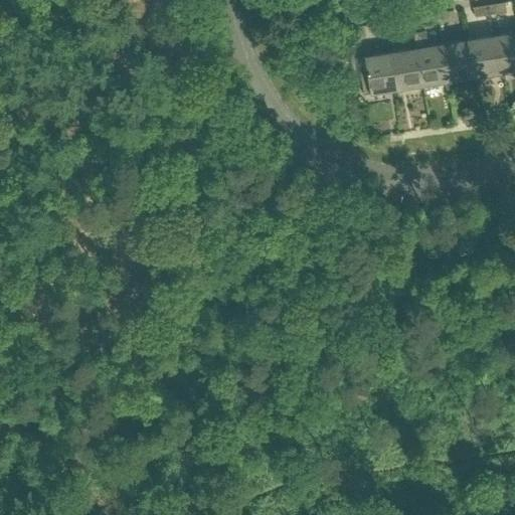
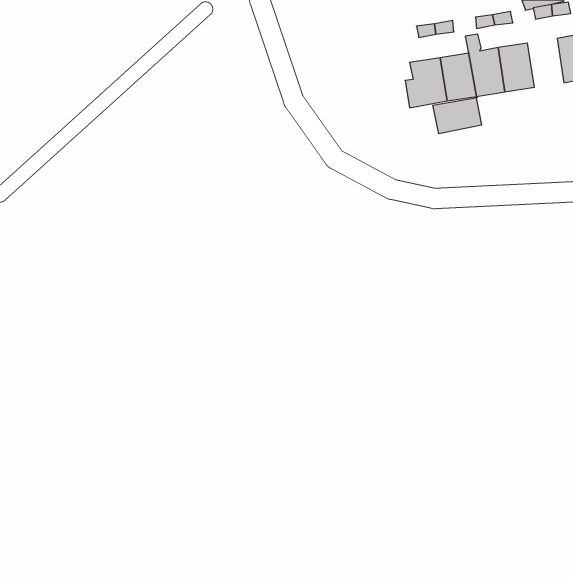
building: [474,35,506,78] -> none
building: none -> [433,97,482,134]

